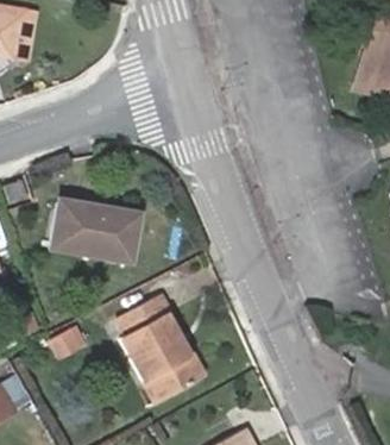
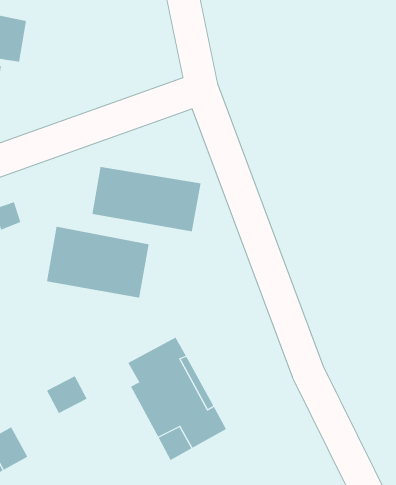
building: none -> [92,166,201,232]

